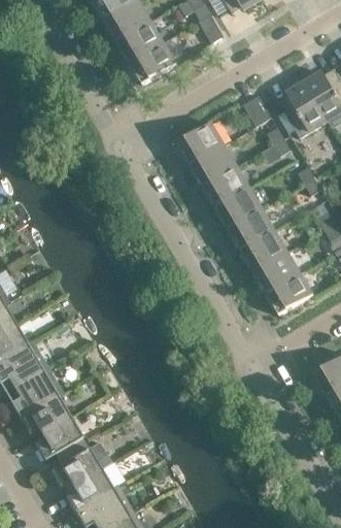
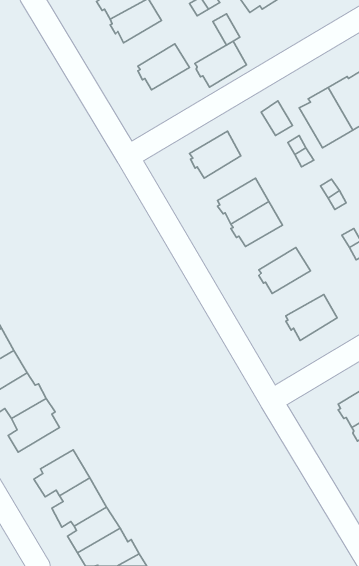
building: [116,20,164,62] -> [195,41,246,87]
building: [191,144,238,186] -> none
building: [229,208,275,250] -> none
building: [253,251,301,292] -> none
building: [20,395,70,434] -> none

